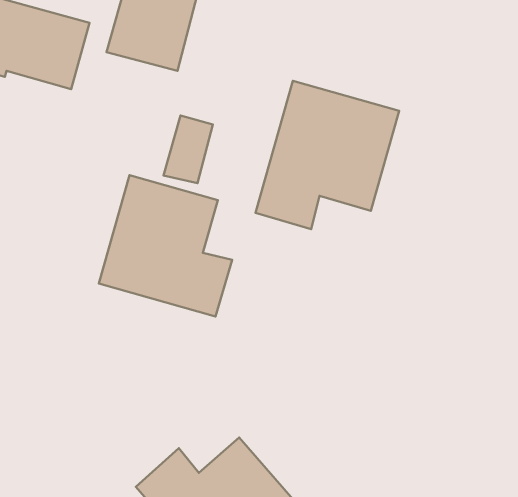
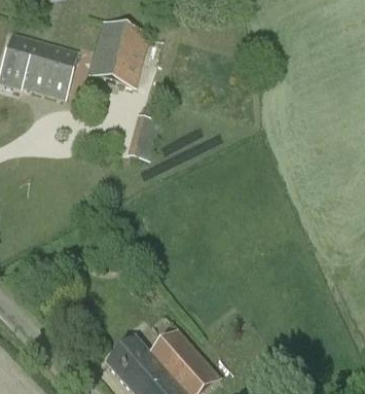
building: [256,81,399,229] -> none
building: [99,175,232,317] -> none

